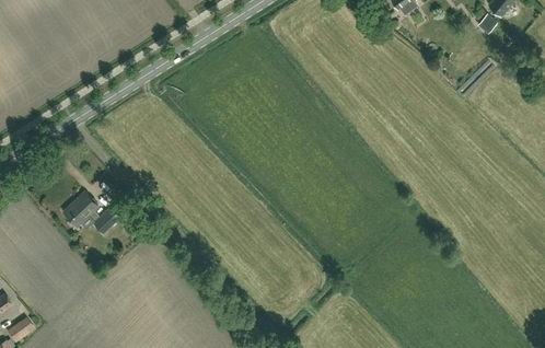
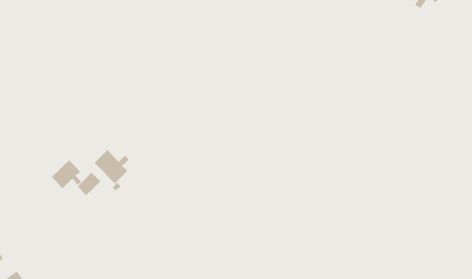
building: none -> [94,149,130,184]

